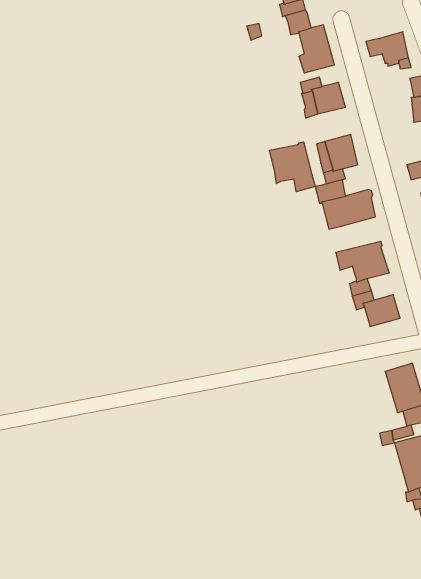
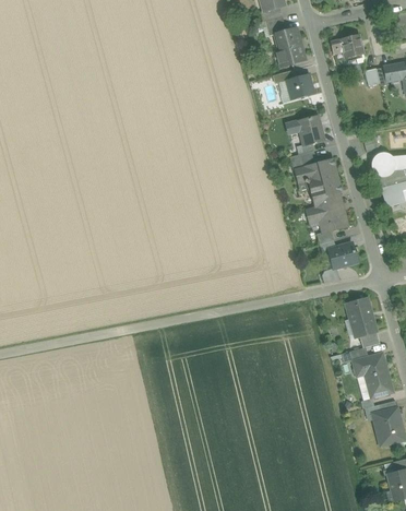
building: [269,142,315,192] -> none
building: none -> [310,180,342,206]

